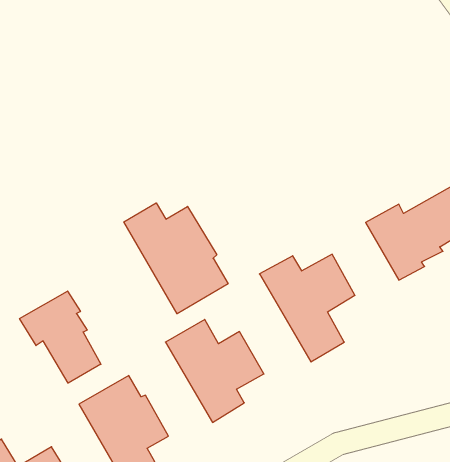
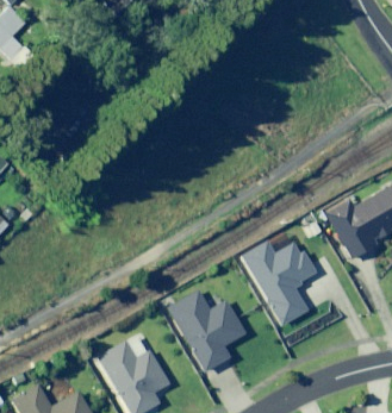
building: [124,203,228,314] -> none
building: [20,291,101,383] -> none

